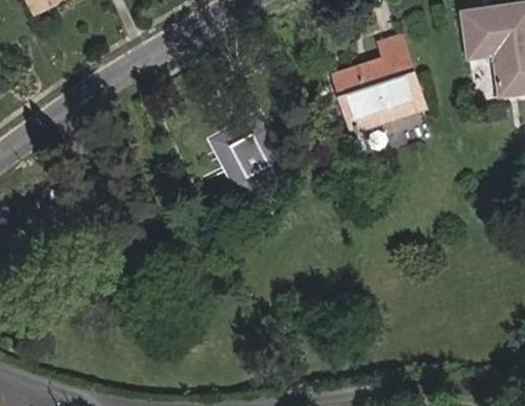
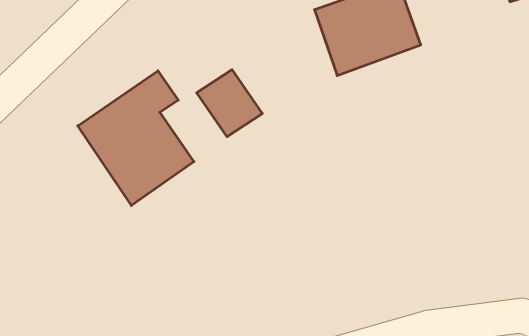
building: none -> [78,71,194,206]

